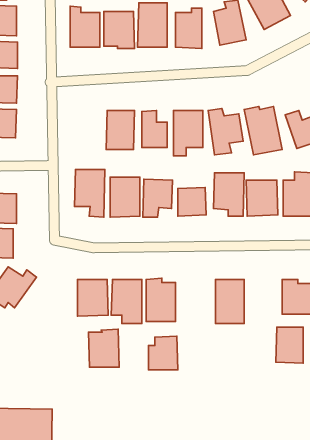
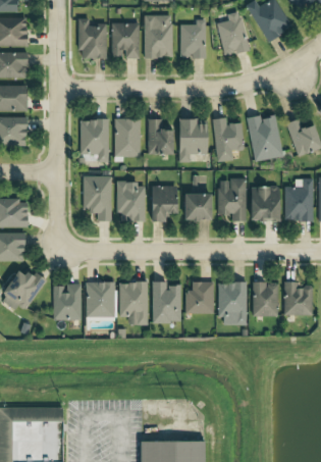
building: none -> [79,119,109,163]
building: [276,327,303,363] -> [252,283,278,317]
building: [89,329,119,367] -> [52,284,82,320]
building: [148,336,178,370] -> [185,281,214,314]

